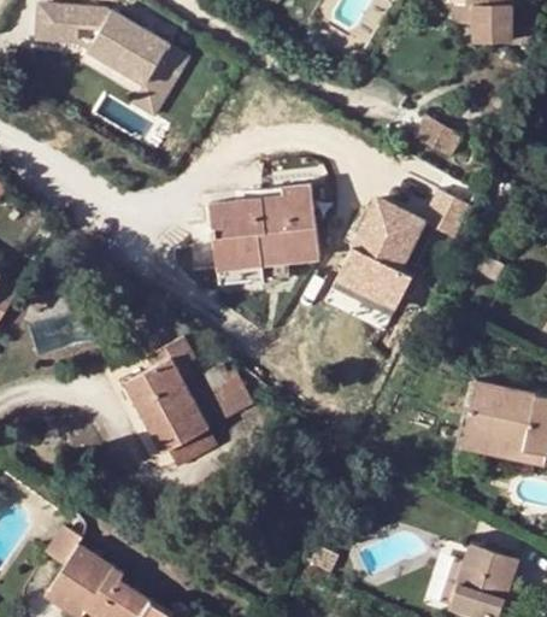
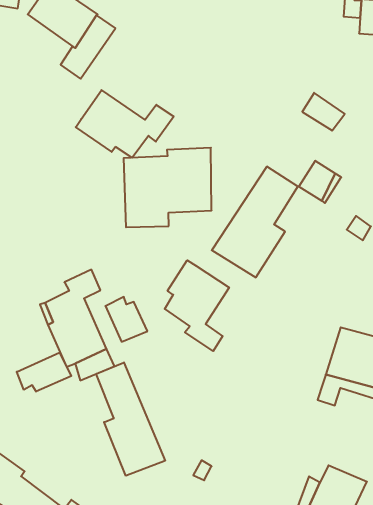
building: none -> [76,90,174,158]
building: none -> [165,260,229,351]
building: none -> [17,353,71,392]
building: none -> [96,362,165,476]

